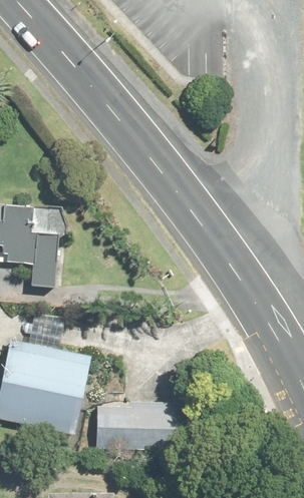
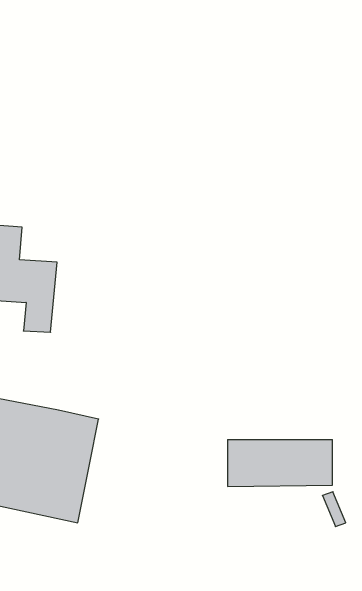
building: [98,408,180,444] -> [228,440,332,486]

